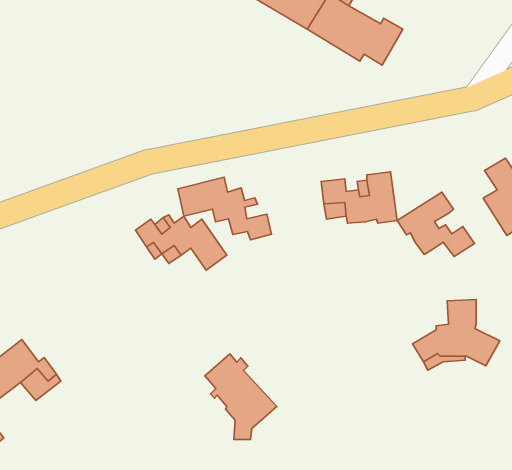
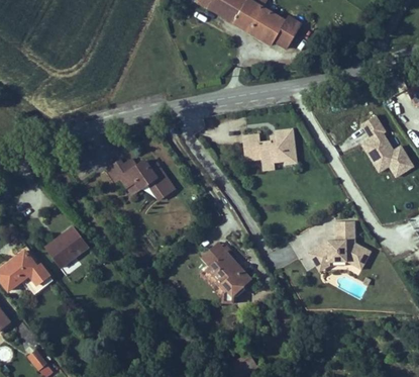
building: [178,177,272,240] -> none
building: [397,192,474,256] -> none
building: none -> [44,225,88,268]
building: [205,354,277,440] -> [200,241,252,303]

